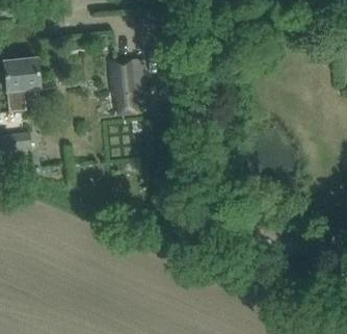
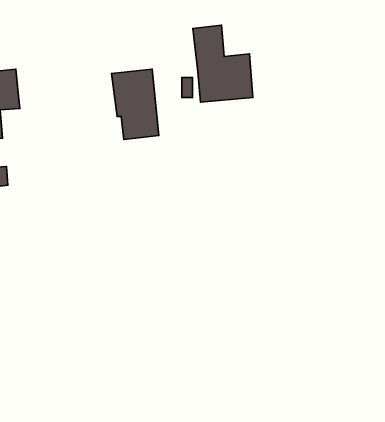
building: none -> [193,25,253,102]

